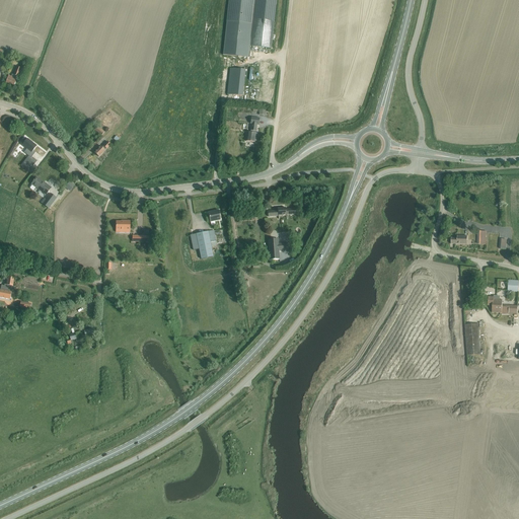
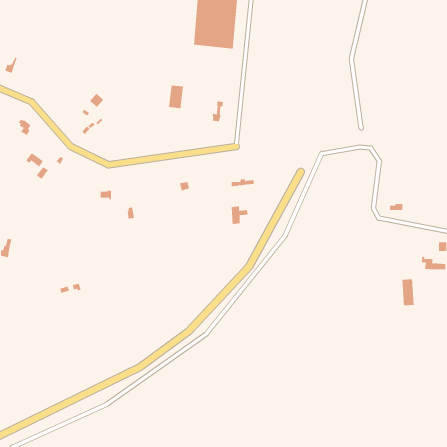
building: [227,68,245,95] -> [168,85,184,109]
building: [190,230,217,258] -> none

